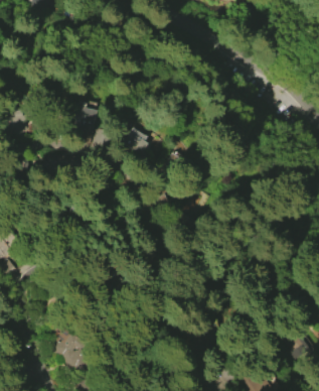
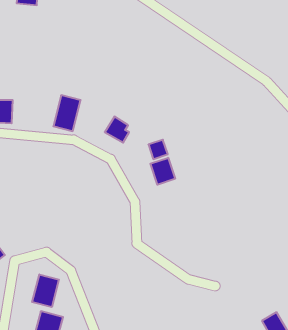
building: none -> [150,158,175,185]
building: none -> [32,274,59,307]

